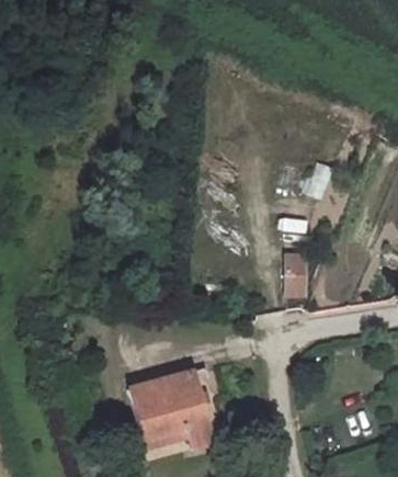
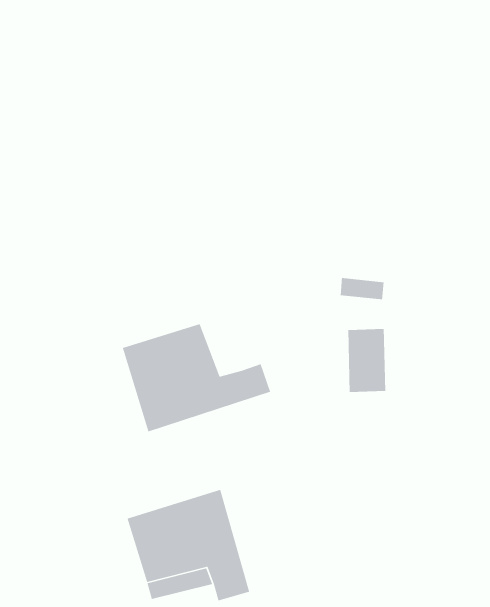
building: none -> [122,323,271,433]

